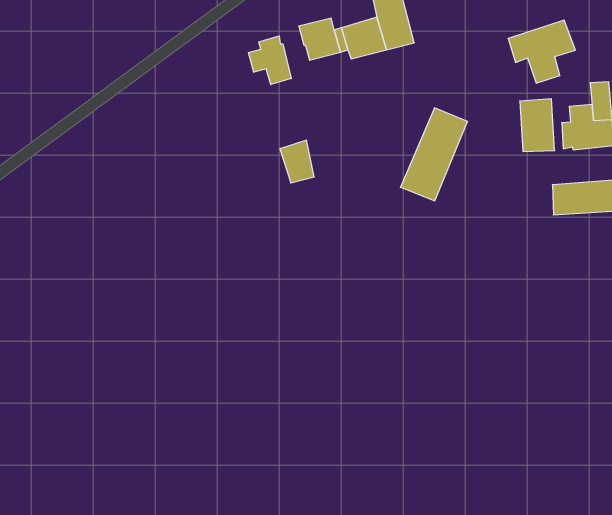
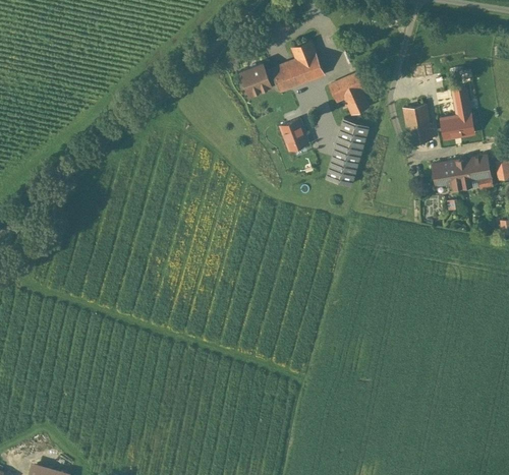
building: [508,20,575,83] -> [329,69,378,116]
building: [248,36,291,85] -> none
building: [280,140,314,183] -> [280,120,306,152]

